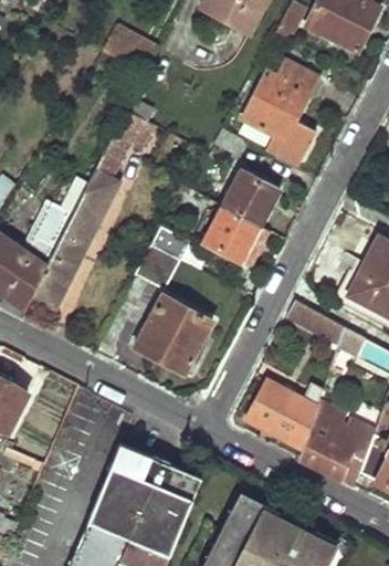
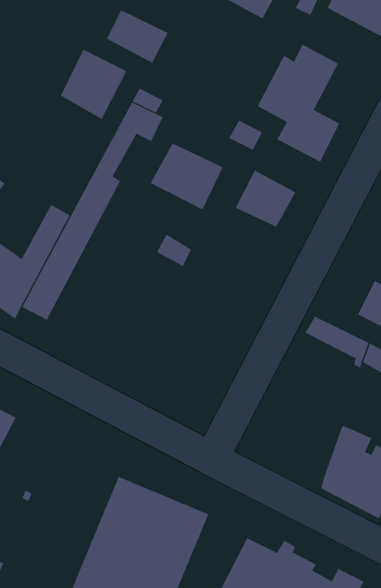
building: none -> [60,49,127,120]
building: [203,205,270,265] -> [150,143,224,210]
building: [137,244,183,290] -> none
building: [135,295,210,371] -> none
building: [246,380,325,449] -> none

